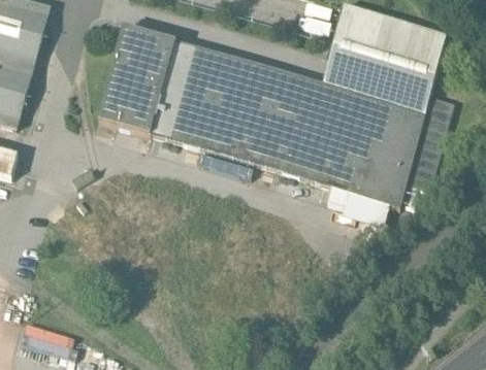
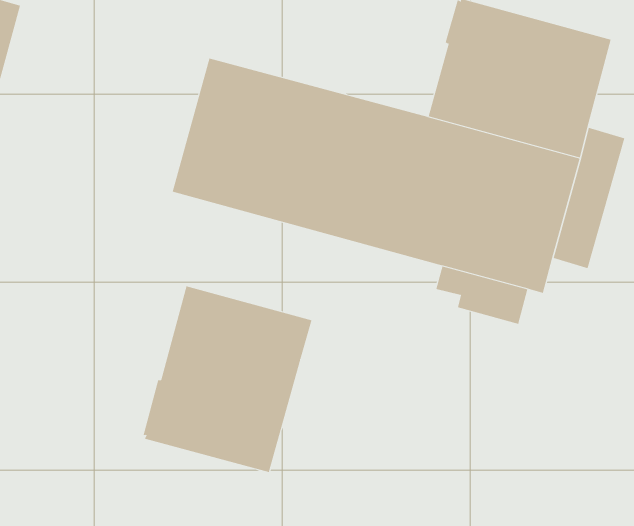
building: [99,26,175,134] -> none
building: none -> [143,286,312,473]

